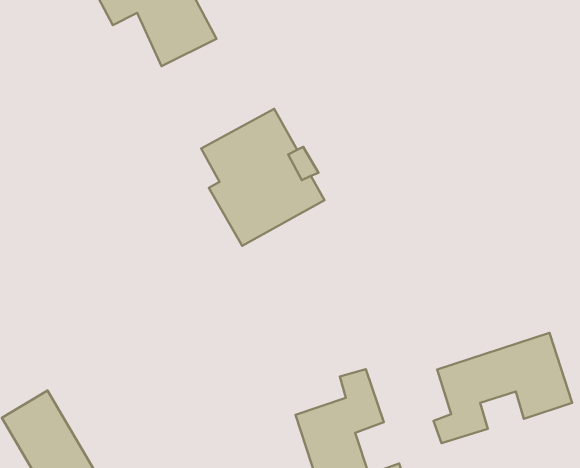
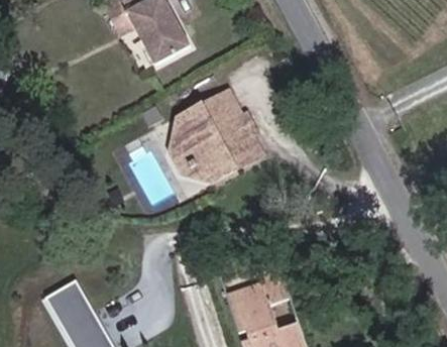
building: none -> [165,117,203,182]
building: [433,333,572,443] -> none

